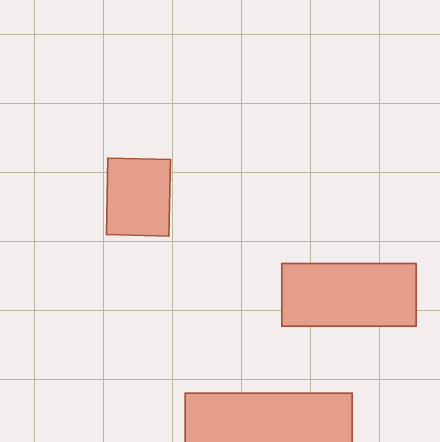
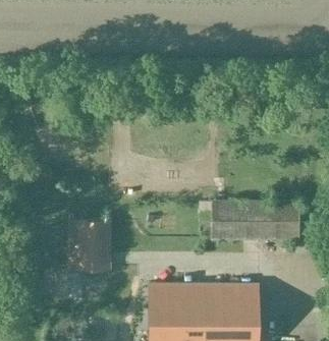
building: [106,158,170,236] -> [68,219,110,270]

